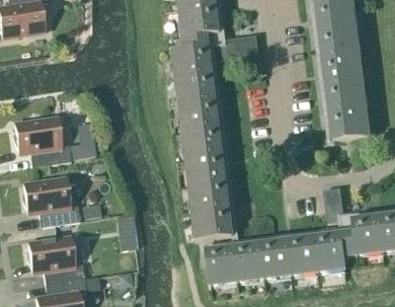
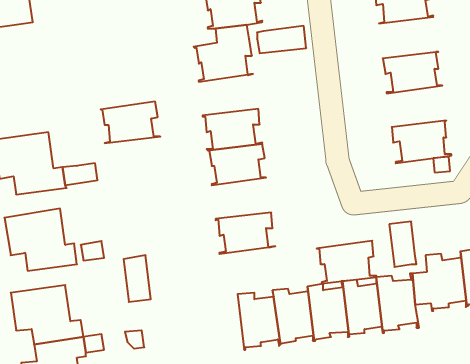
building: [315,26,362,59] -> none
building: [174,71,221,103] -> [101,102,160,143]
building: [321,80,368,112] -> none
building: [184,152,231,184] -> none
building: [190,206,237,239] -> [317,241,376,283]

